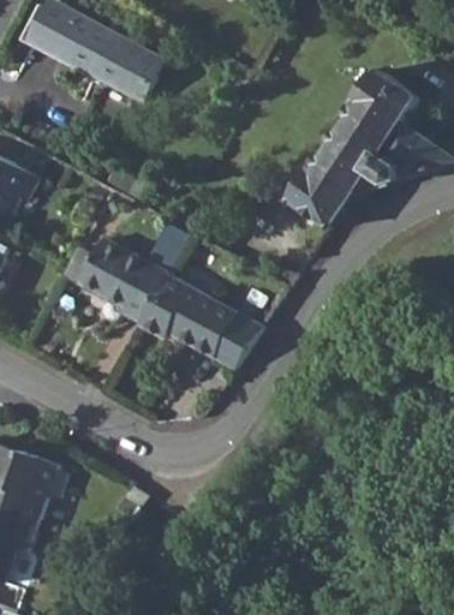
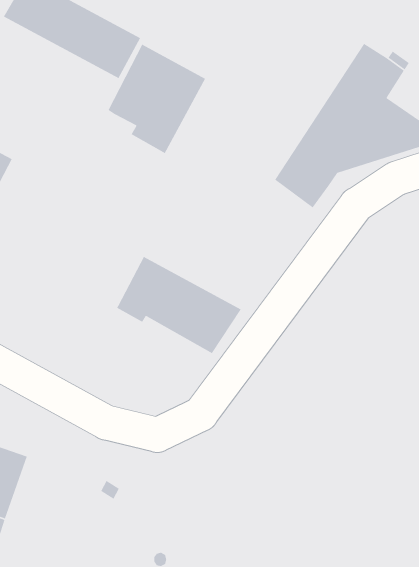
building: none -> [107,44,206,154]
building: [61,223,186,321] -> none

